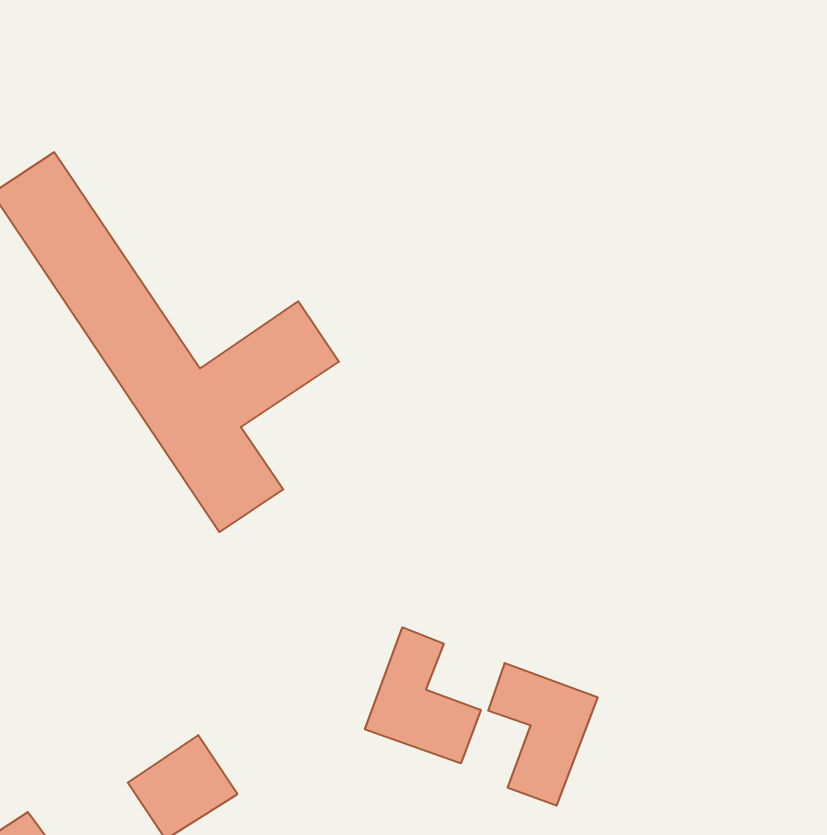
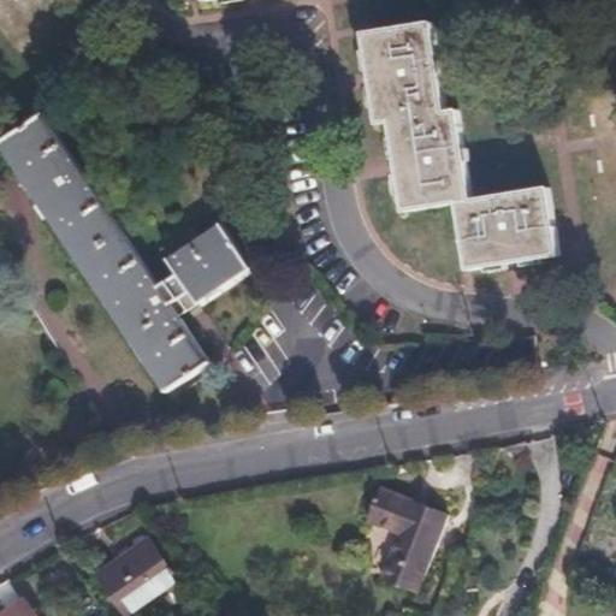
building: none -> [363,16,552,265]
building: [365,627,481,763] -> none

